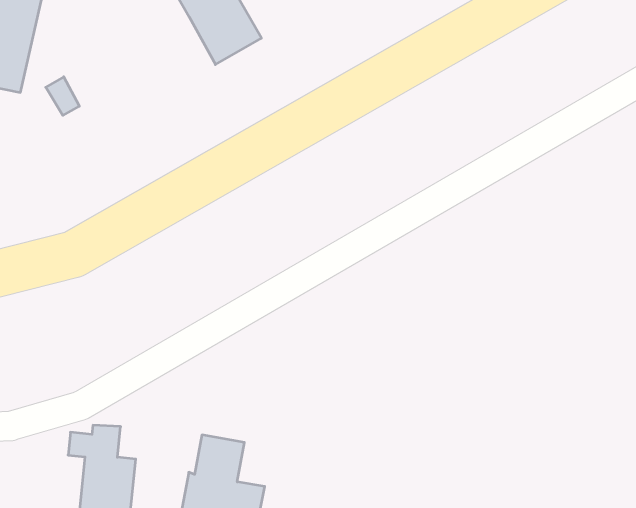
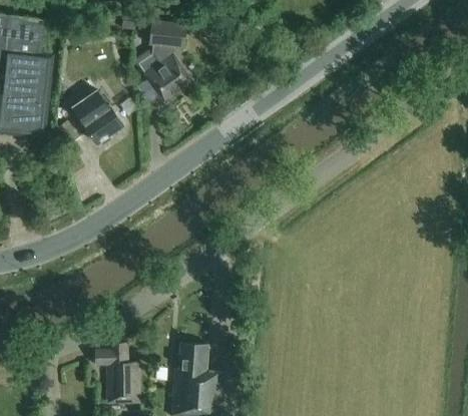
building: none -> [72,89,123,143]

